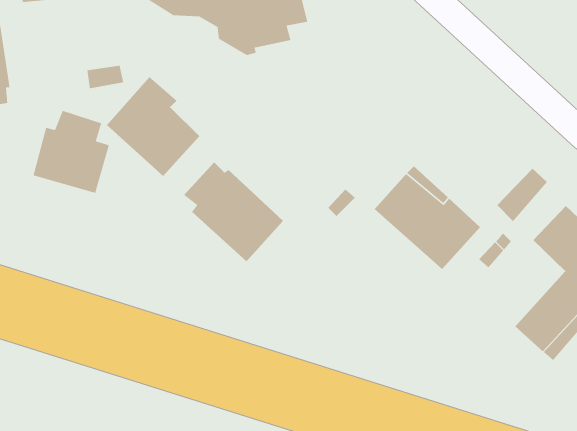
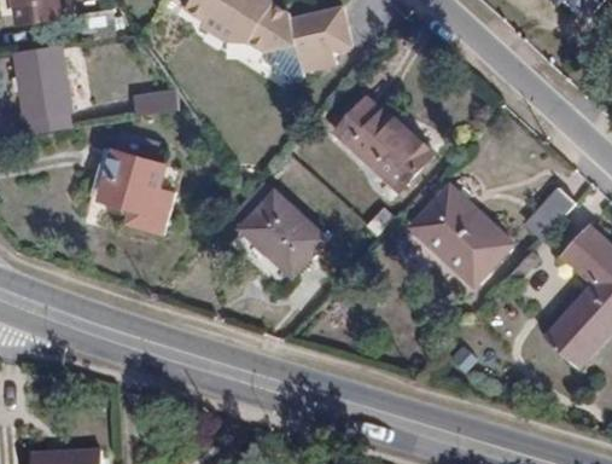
building: none -> [334,98,436,191]
building: [106,76,200,177] -> none

